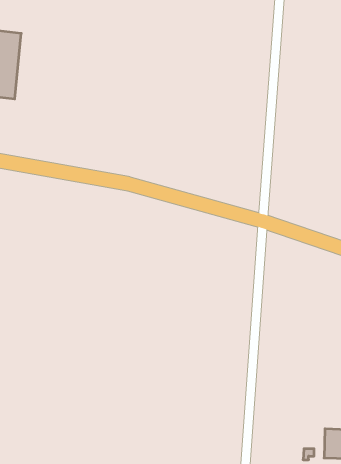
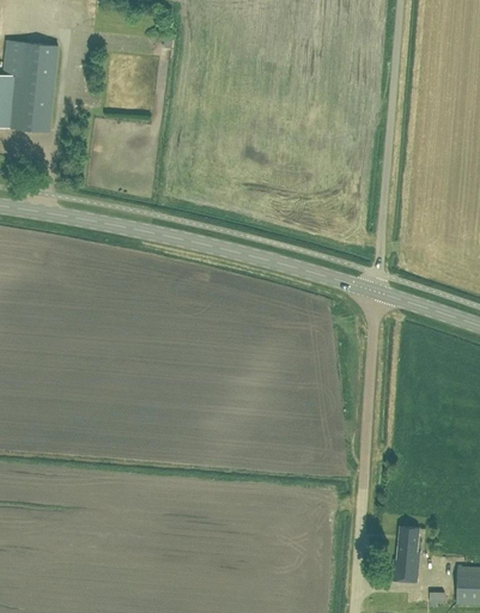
building: none -> [390,526,418,581]

